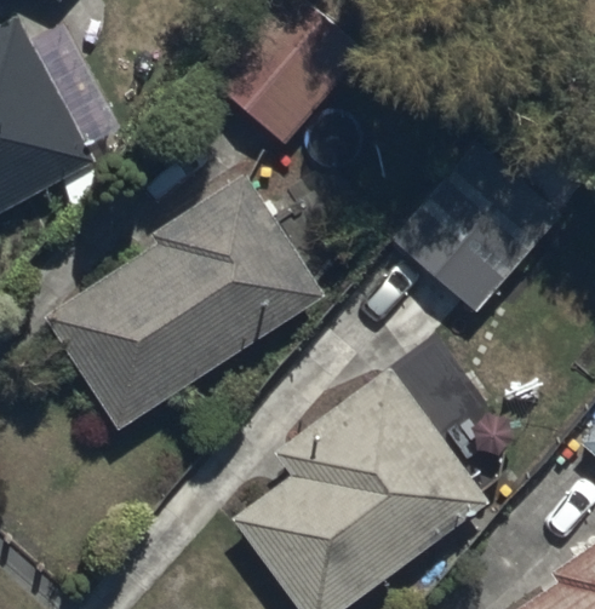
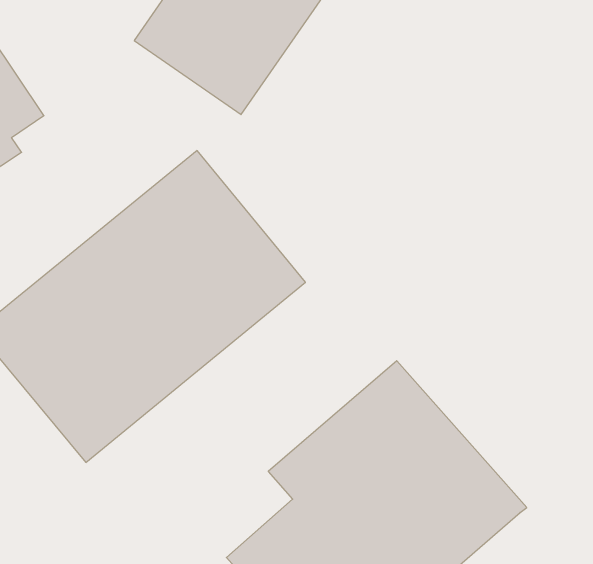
building: [410,145,560,295] -> none

